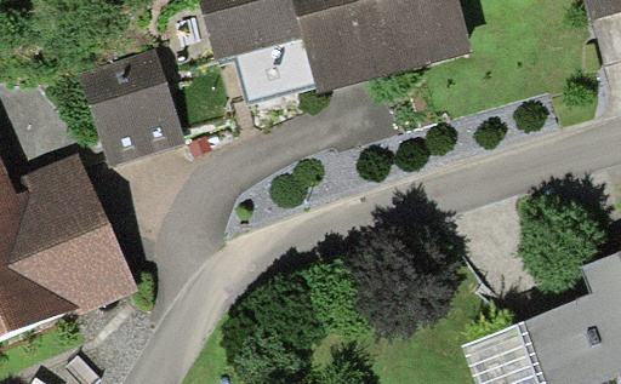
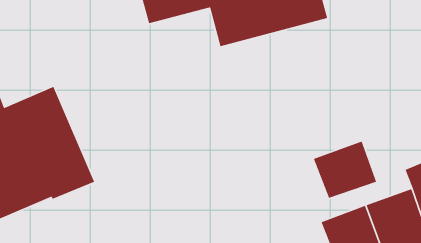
building: [80,48,184,166] -> none
building: none -> [313,140,377,199]

